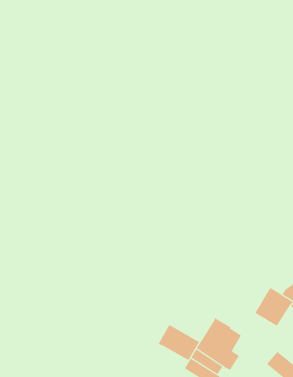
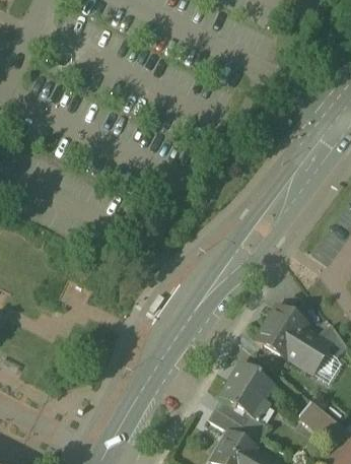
building: none -> [256,306,306,357]
building: [158,324,200,361] -> none

